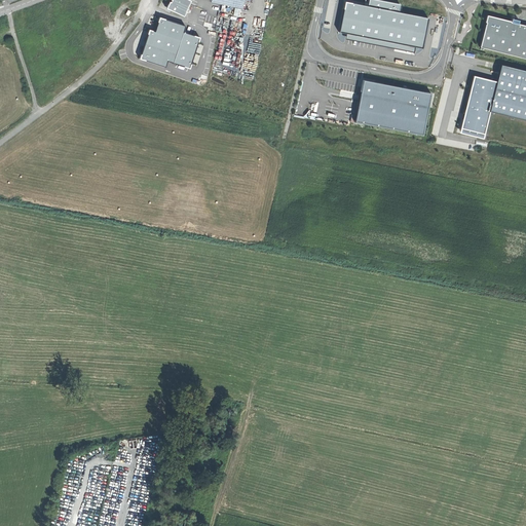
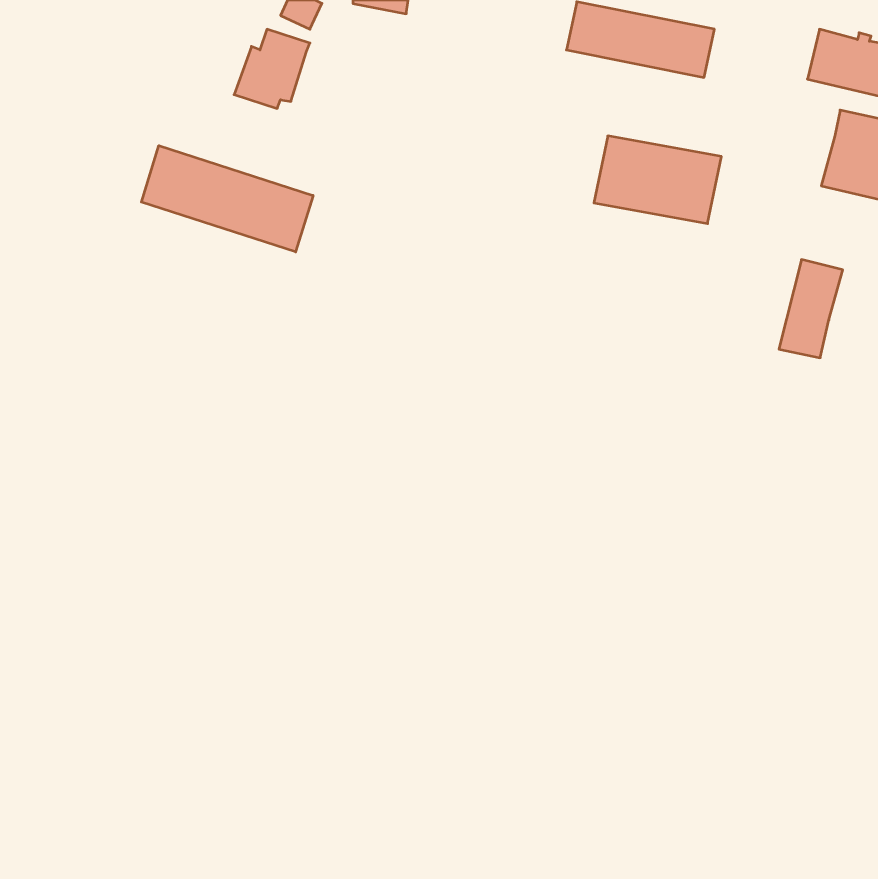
building: [175,31,200,66] -> none
building: [461,75,499,134] -> [779,260,843,358]
building: none -> [141,146,313,252]

